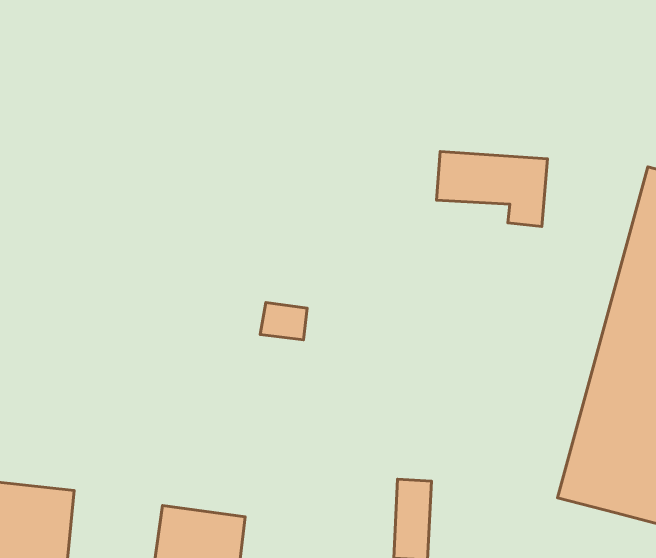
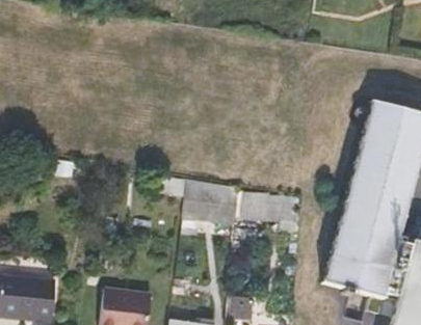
building: [436,151,547,227] -> [240,191,301,233]
building: none -> [184,179,236,222]

